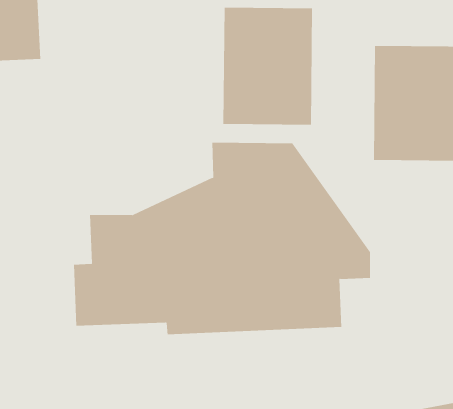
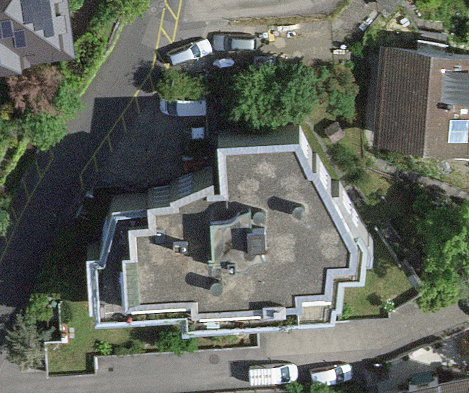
building: [223,7,313,125] -> none

